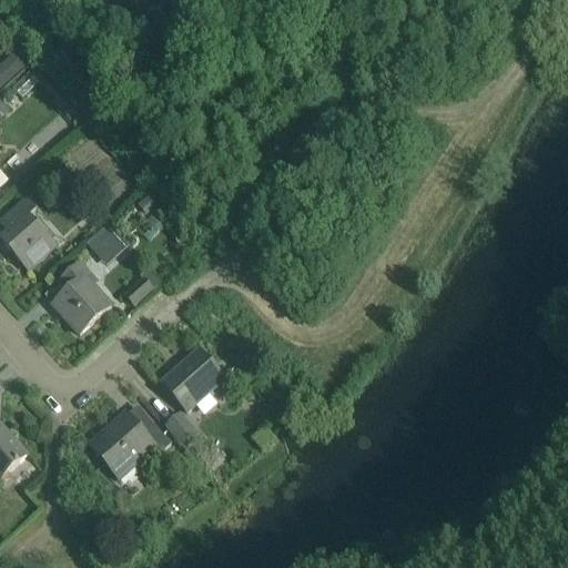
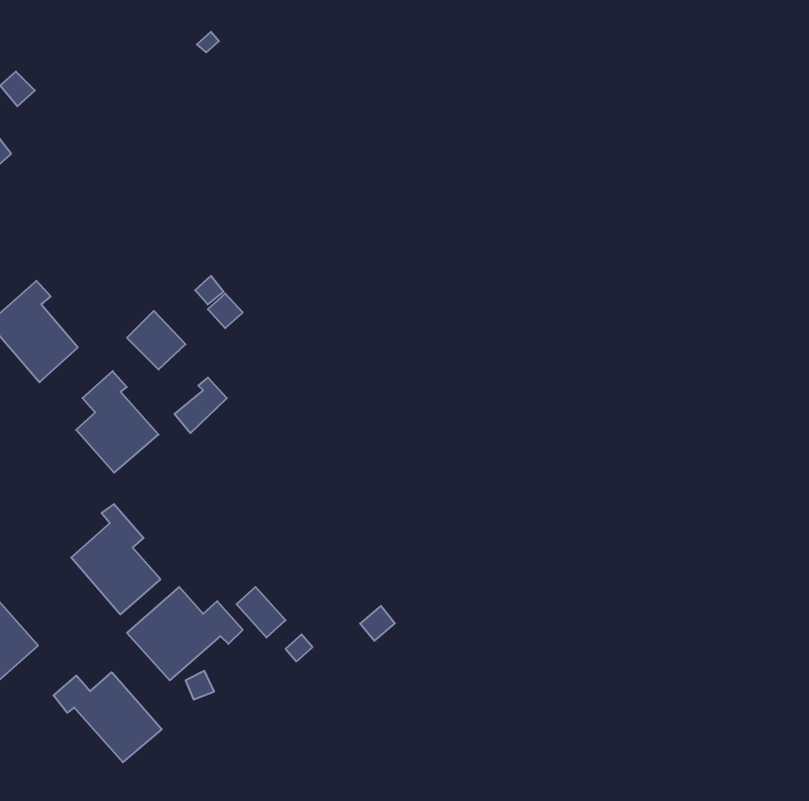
building: [161,346,224,409] -> none
building: none -> [71,504,160,614]
building: none -> [53,672,162,762]

